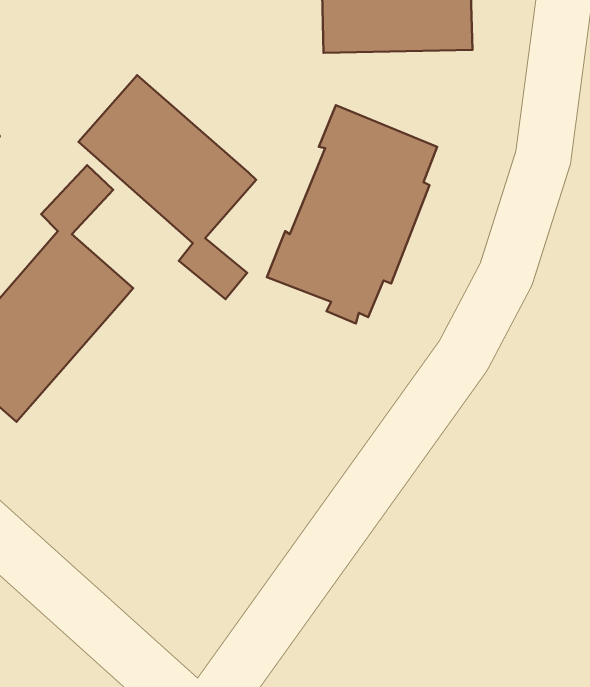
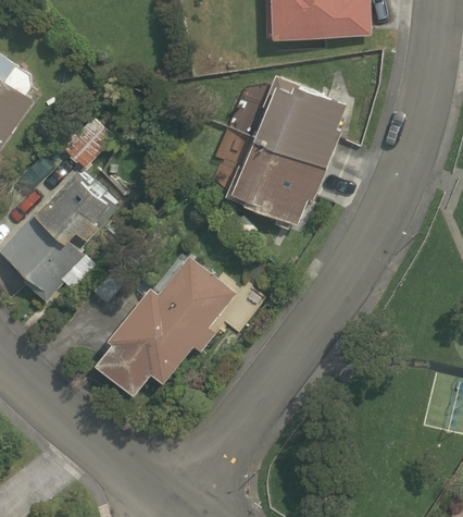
building: [78,75,256,299] -> none
building: none -> [93,254,236,393]

